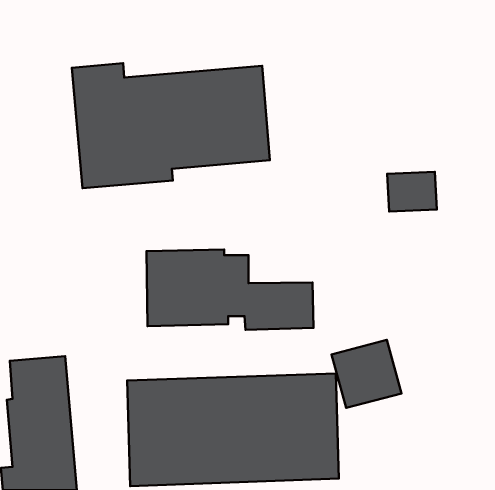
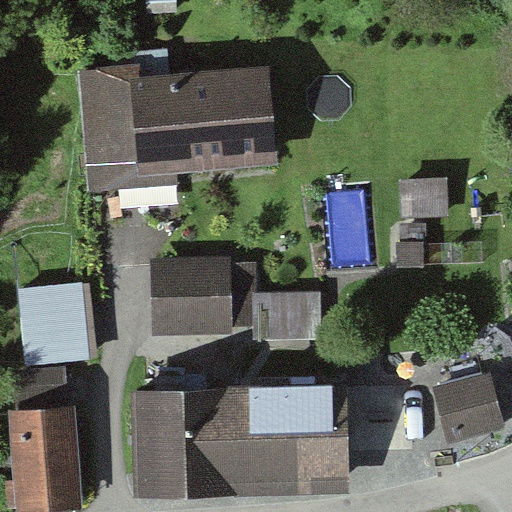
building: none -> [17,282,91,365]
building: [332,340,402,408] -> [433,372,505,442]

